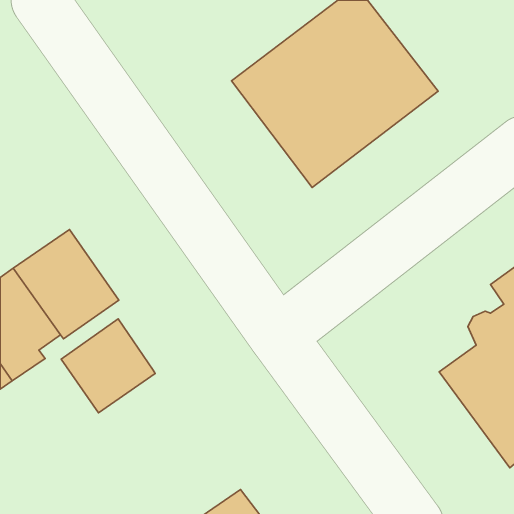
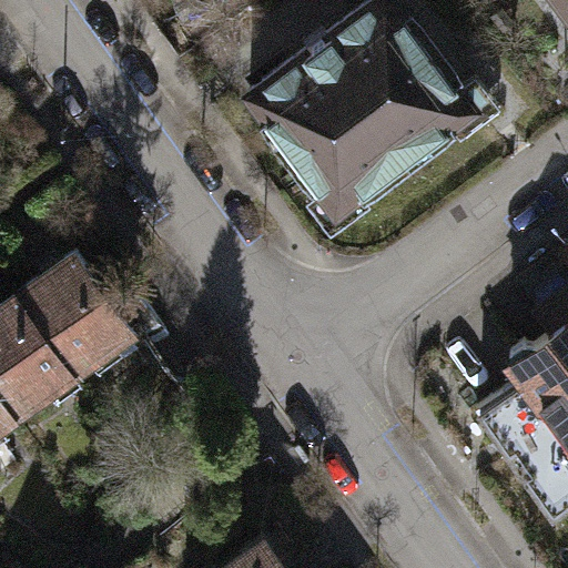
building: [61,319,155,413] -> none

